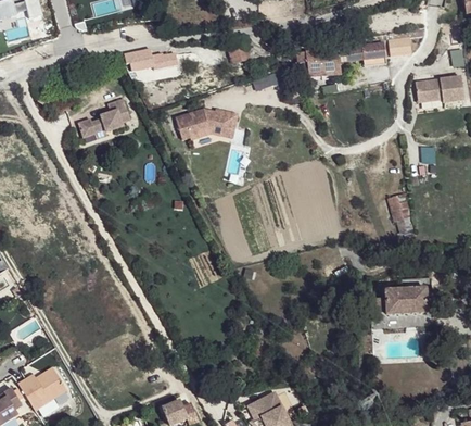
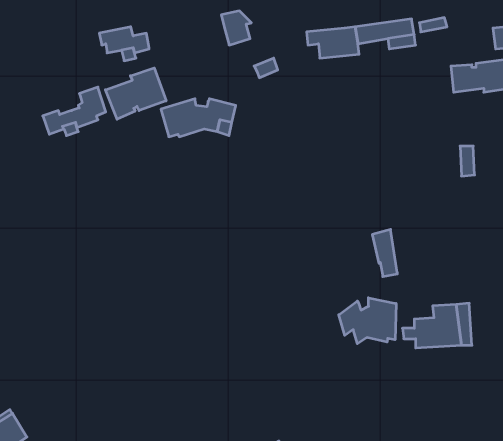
building: none -> [105,68,166,119]
building: [391,193,411,233] -> [372,229,397,277]
building: none -> [339,298,396,344]

